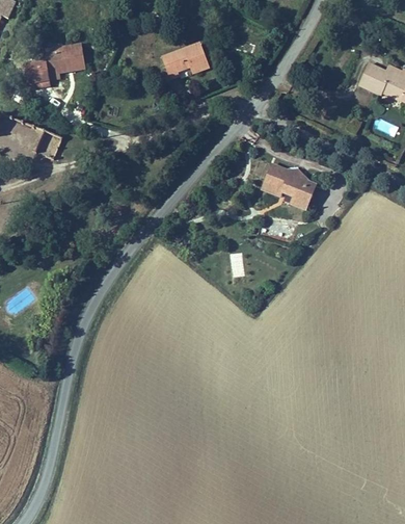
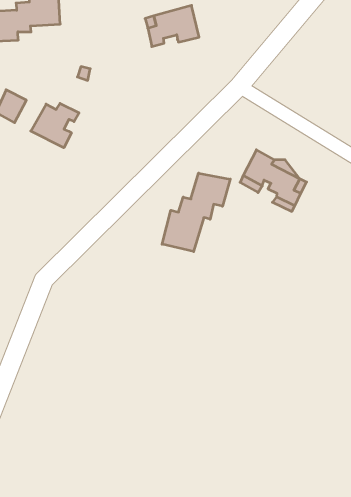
building: none -> [31,103,79,148]
building: none -> [162,173,230,252]

